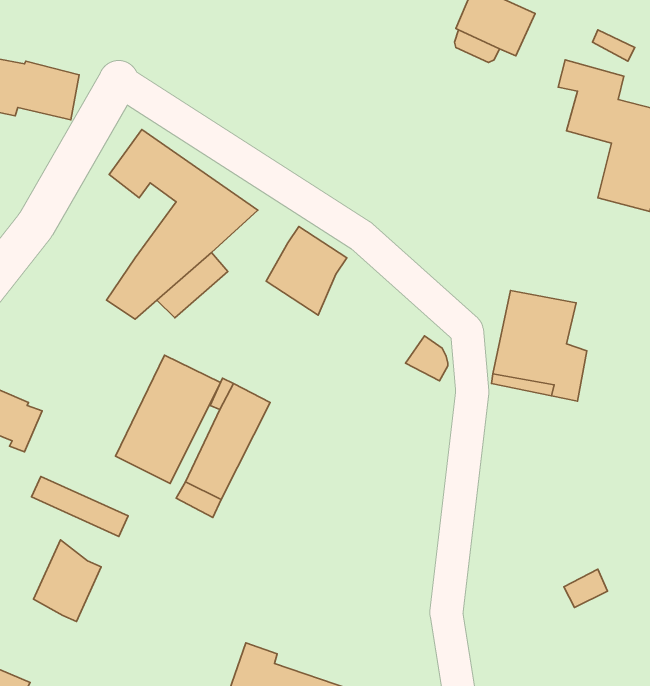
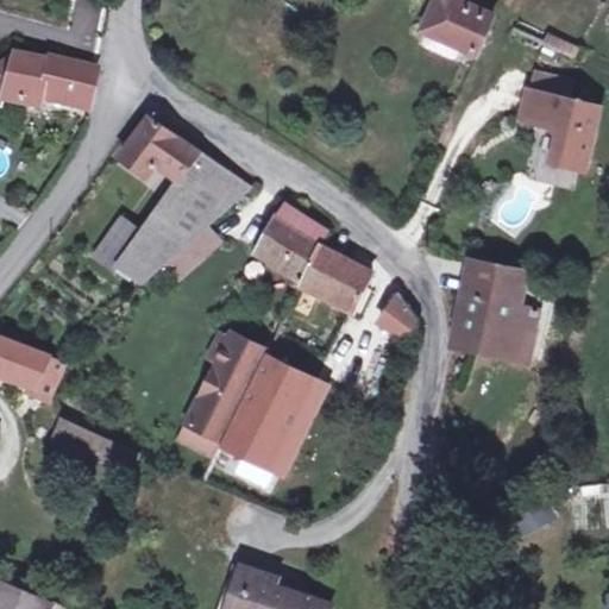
building: none -> [90,214,142,272]
building: none -> [300,244,371,309]
building: [115,355,221,483] -> [222,357,314,469]
building: [34,540,101,621] -> none

